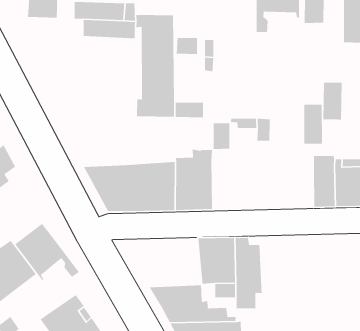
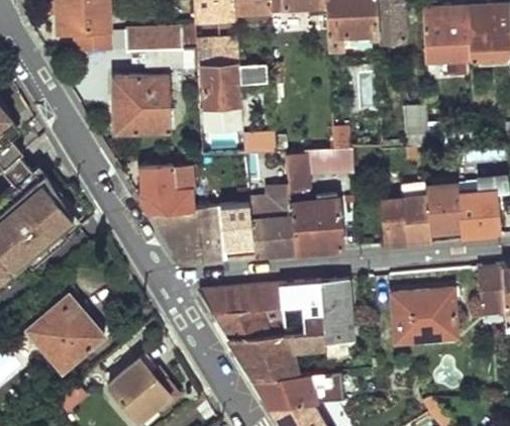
building: none -> [111,76,171,133]
building: [303,104,323,144] -> [381,199,405,244]
building: none -> [135,164,195,214]
building: none -> [290,196,340,252]
building: [14,223,80,281] -> none
building: none -> [198,285,287,342]
building: none -> [393,288,455,340]

